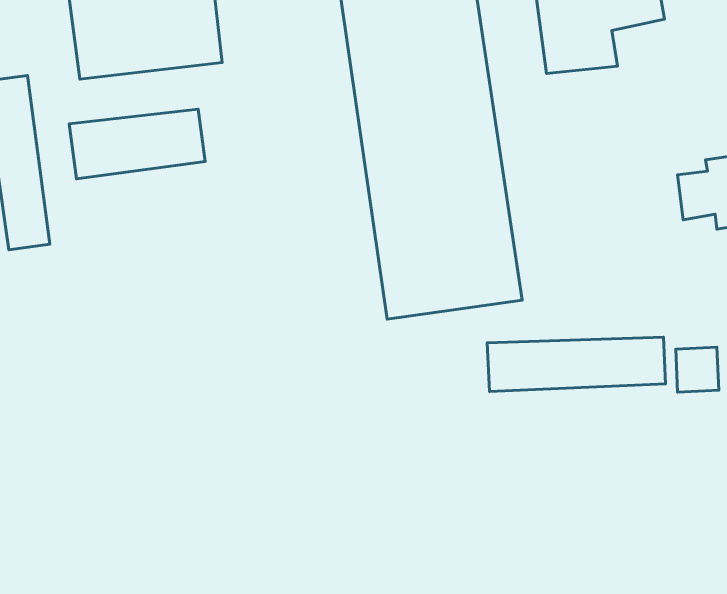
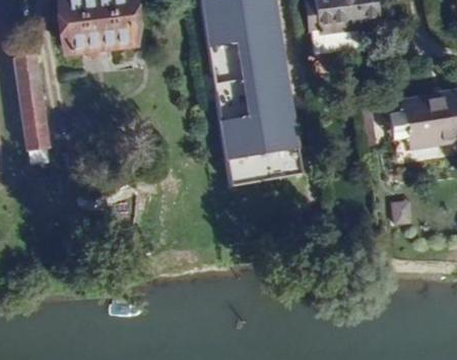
building: [69,109,205,179] -> none
building: [487,337,665,392] -> none

